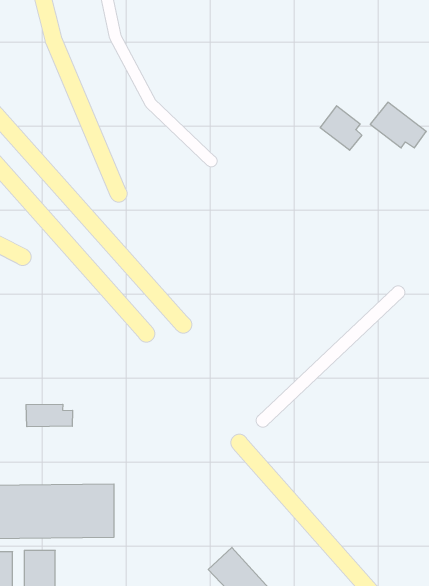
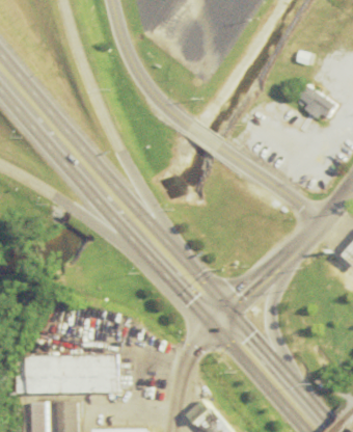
building: [320,106,362,150] -> none
building: [26,404,73,427] -> none

